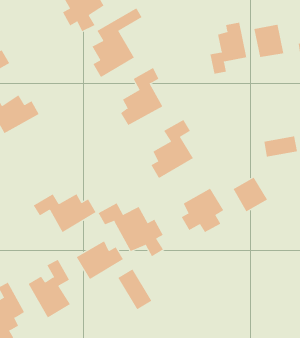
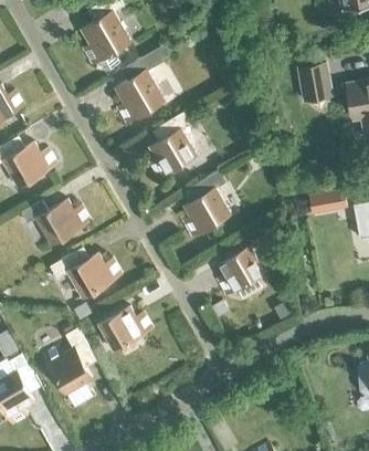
building: [210,22,247,75] -> none
building: none -> [20,200,89,244]
building: [233,177,268,212] -> none
building: [98,202,164,257] -> none
building: [118,268,152,310] -> none

